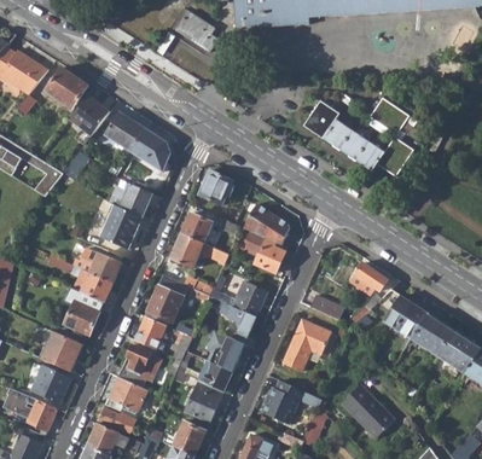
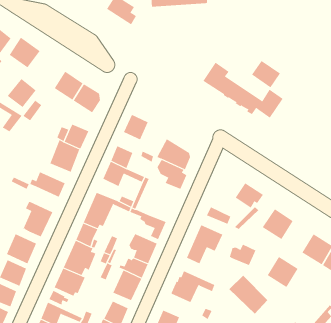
building: [69,94,109,134] -> [7,78,36,108]
building: [72,268,112,302] -> none
building: [232,280,267,315] -> none
building: [411,314,453,356] -> [267,256,298,288]
building: none -> [229,244,256,266]

